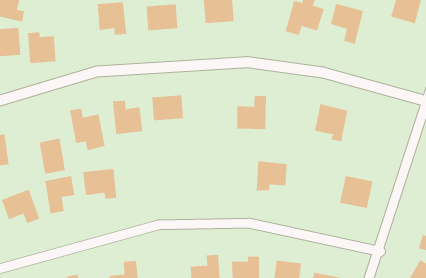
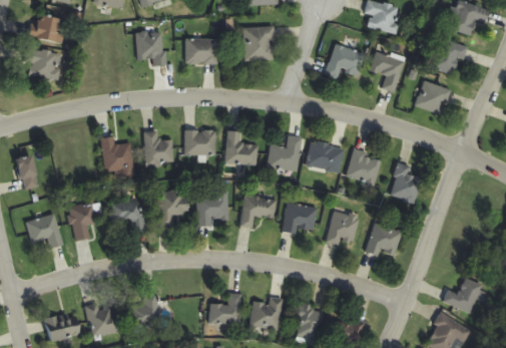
building: none -> [415,79,451,114]
building: [28,31,56,64] -> none
building: none -> [225,129,258,163]
building: none -> [307,141,344,171]
building: none -> [390,161,422,202]
building: [39,138,66,175] -> none
building: none -> [197,193,227,225]
building: none -> [241,195,276,227]
building: none -> [158,191,188,227]
building: none -> [326,208,360,247]

